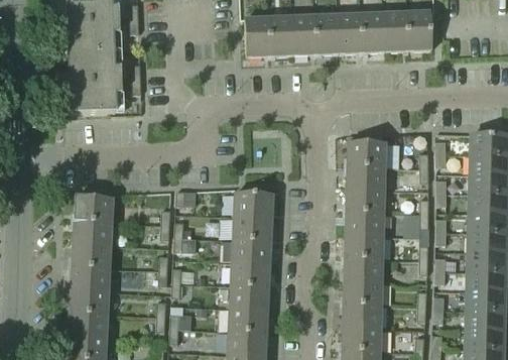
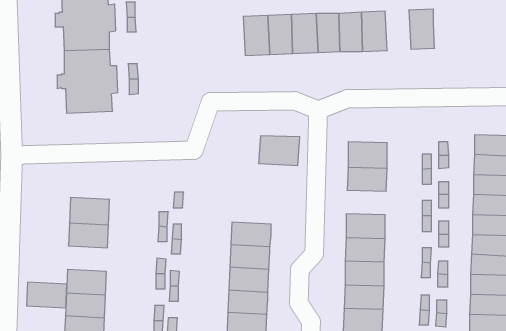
building: [384,11,409,50] -> none
building: [346,188,385,212] -> none
building: [234,192,274,221] -> [259,136,300,166]
building: [73,242,112,267] -> [27,282,67,308]

